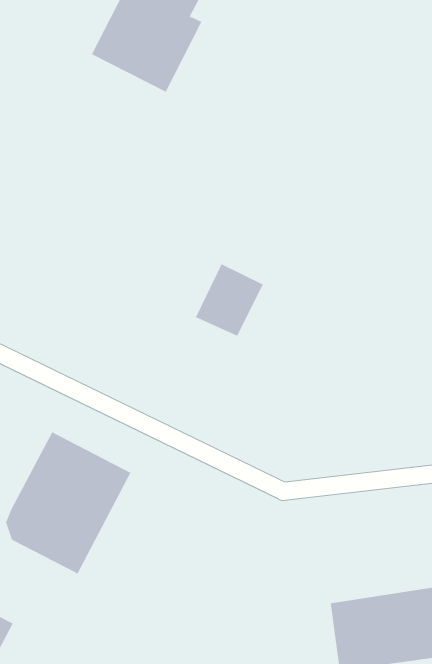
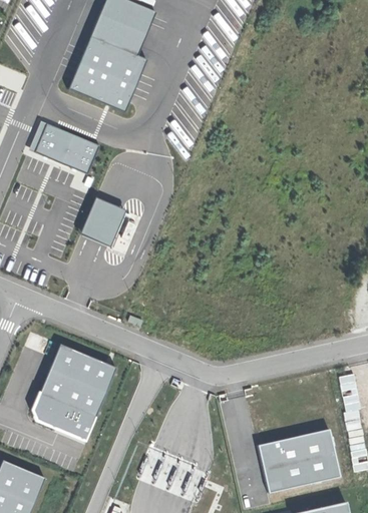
building: none -> [31,121,98,173]
building: [195,263,264,337] -> [81,196,126,245]

